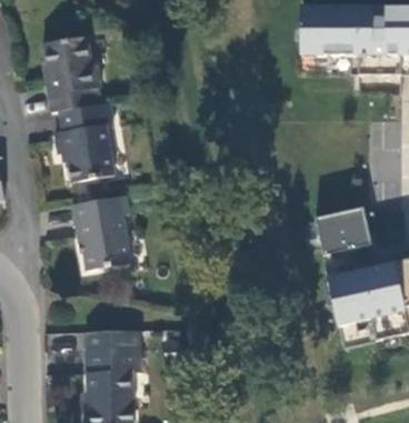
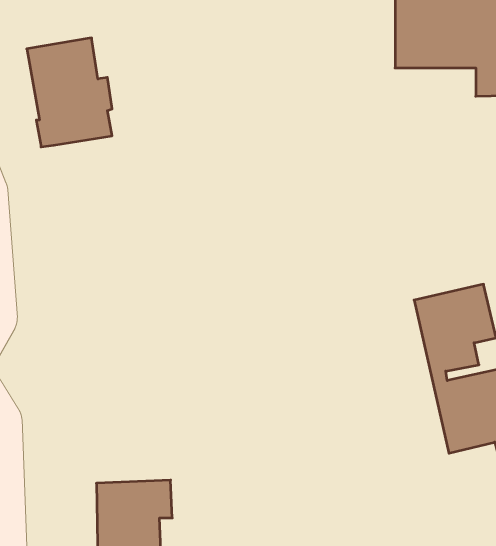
building: [56,100,114,179] -> none
building: [72,193,130,268] -> none

